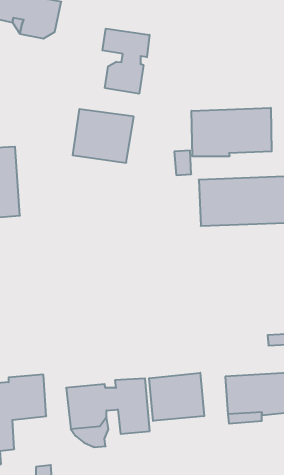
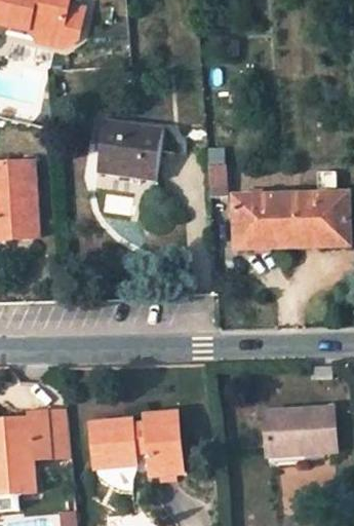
building: [102,29,149,94] -> none
building: [192,108,272,156] -> none
building: [149,373,204,421] -> none

